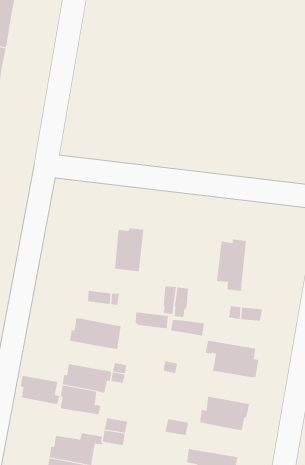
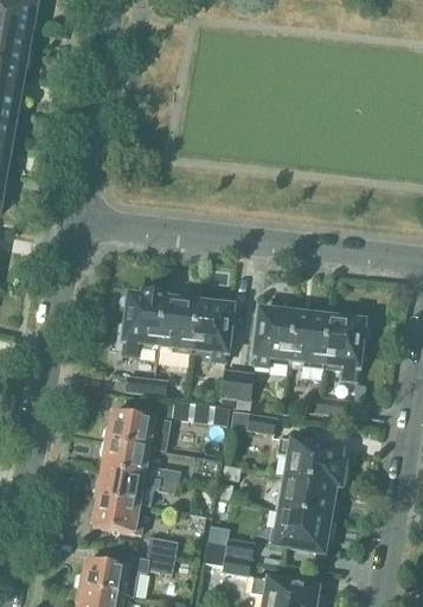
building: none -> [120,290,166,354]
building: none -> [192,299,231,360]
building: none -> [255,307,295,365]
building: none -> [322,313,371,378]
building: none -> [278,478,335,519]
building: [20,375,60,404] -> [101,440,152,477]
building: none -> [203,541,251,575]

